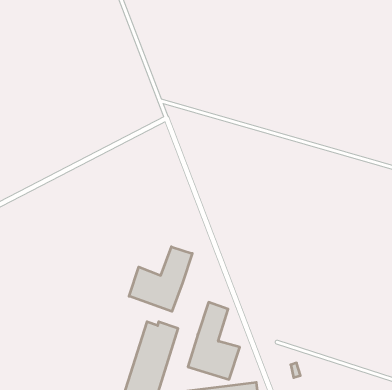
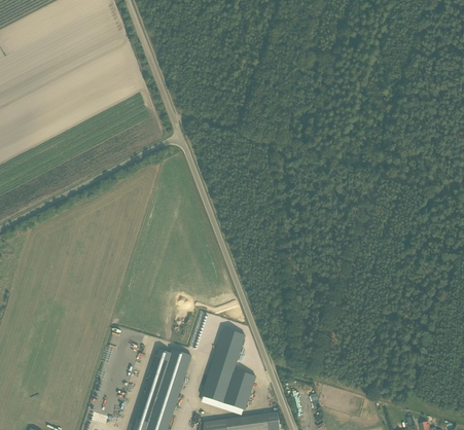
building: [129,247,192,311] -> none

